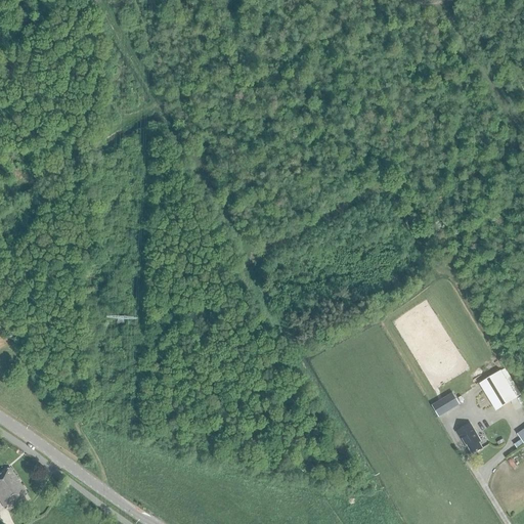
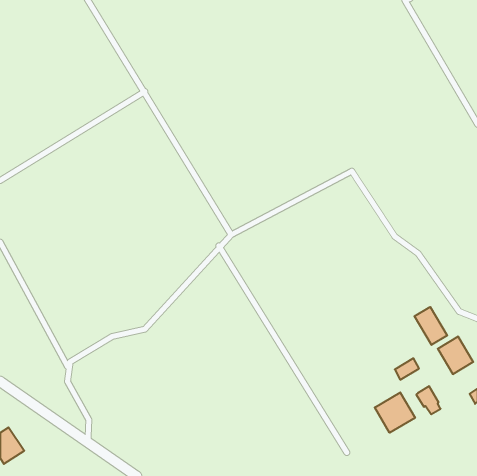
building: none -> [414,307,447,345]
building: none -> [375,392,415,433]

